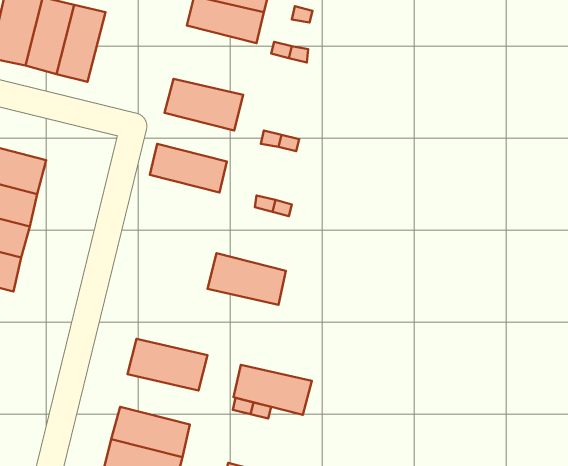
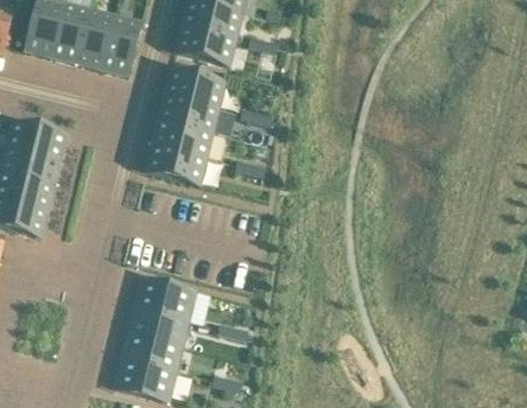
building: none -> [102,14,144,77]
building: none -> [174,25,237,66]
building: none -> [158,95,220,134]
building: [208,253,286,305] -> [145,145,208,186]
building: [233,365,312,415] -> [128,305,191,345]

